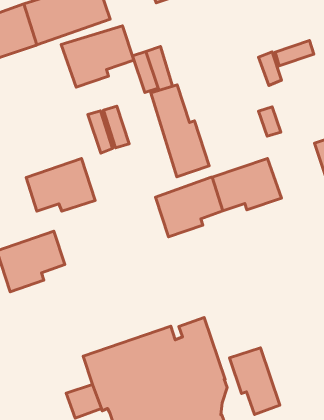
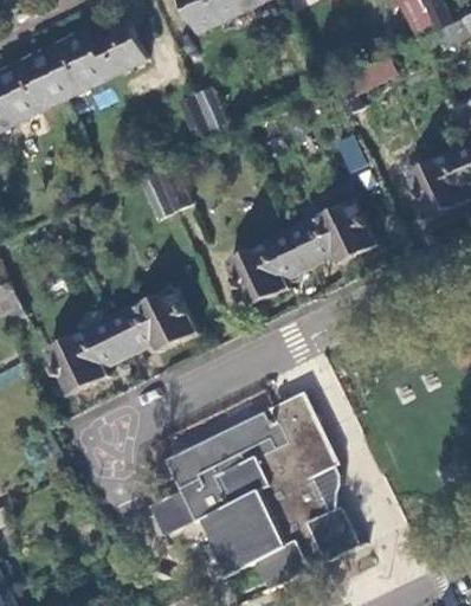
building: [61,26,134,87] -> none
building: [151,85,209,177] -> none
building: [26,159,95,211] -> [110,286,195,355]
building: [229,348,280,414] -> none

